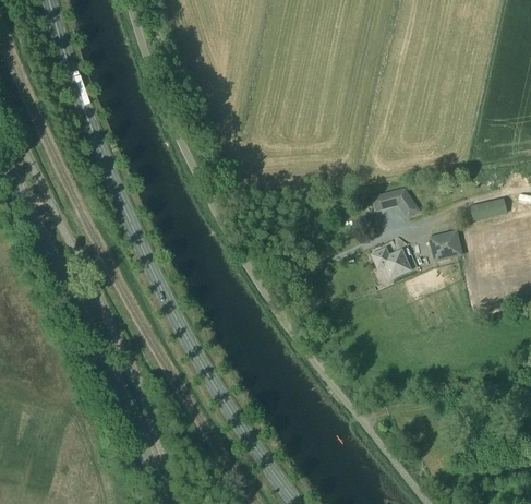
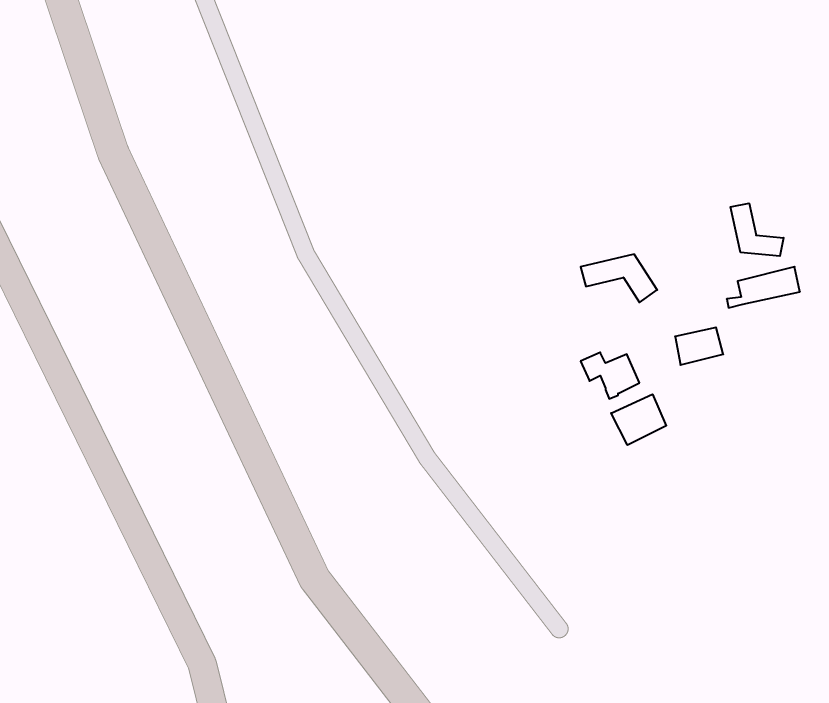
building: none -> [730,203,784,256]
building: none -> [611,394,666,445]

